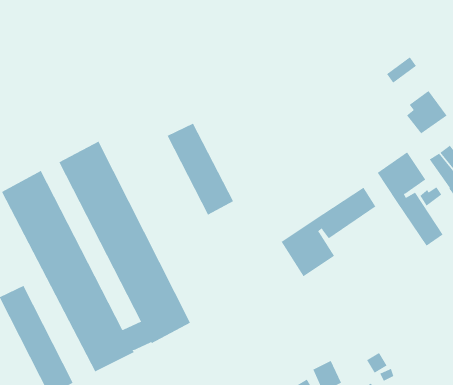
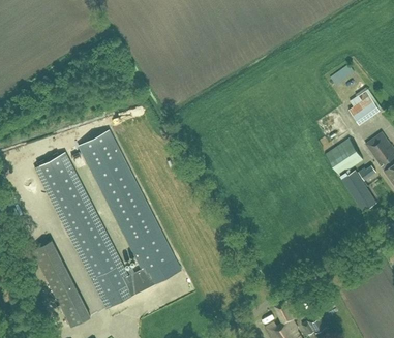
building: [167,123,234,216] -> none
building: [281,187,376,277] -> none

